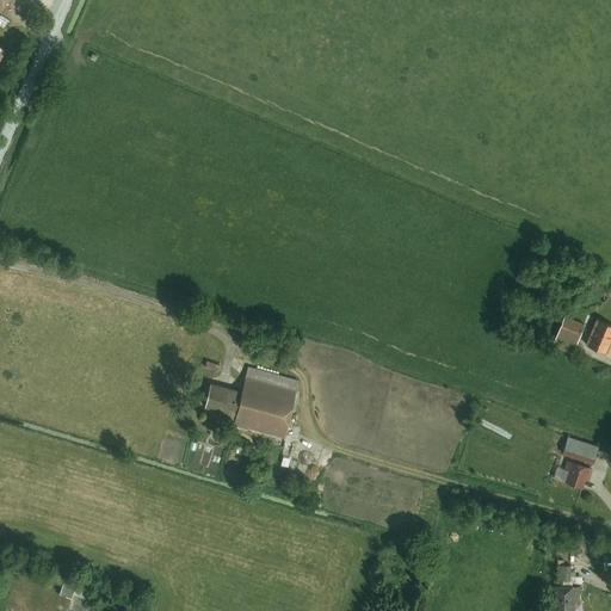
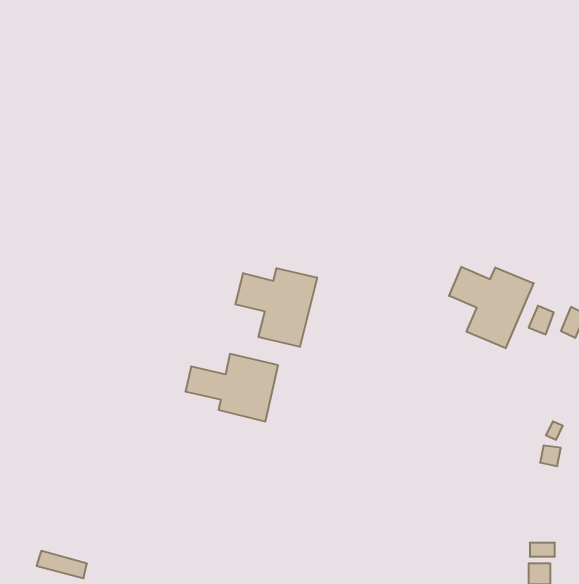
building: none -> [449,267,534,348]
building: none -> [235,268,317,347]

